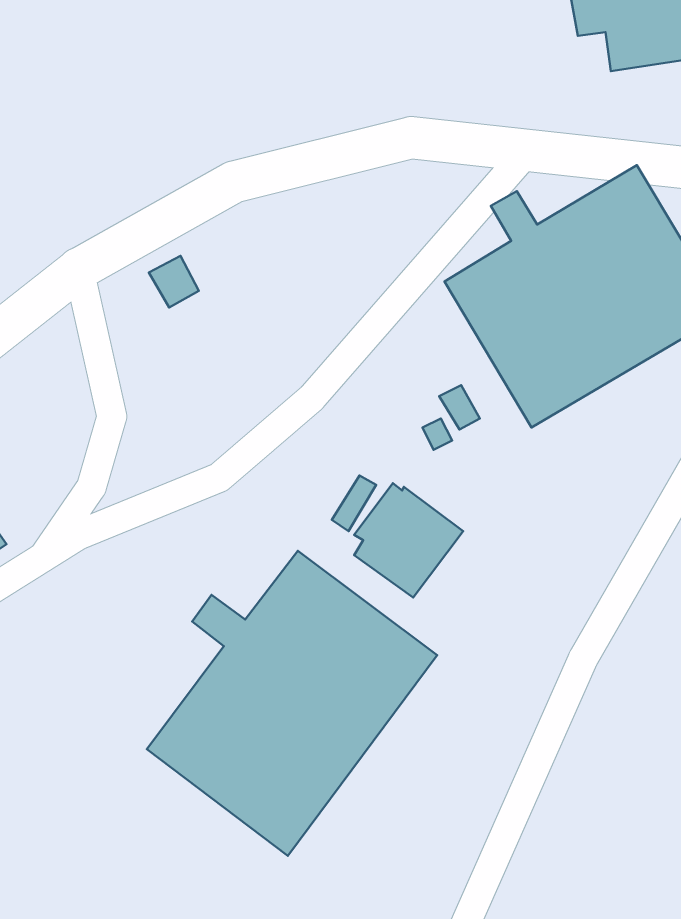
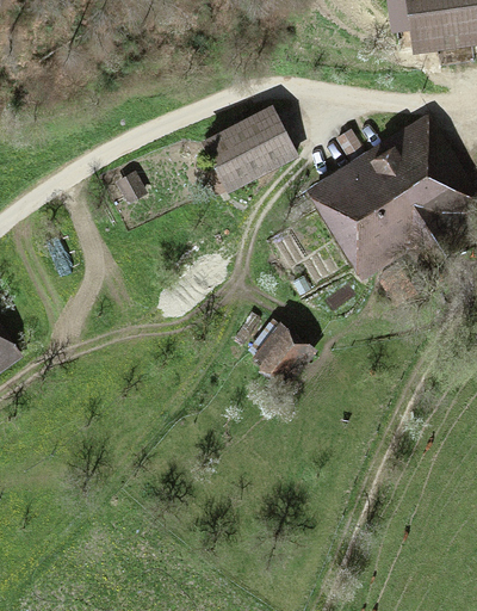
building: none -> [200,103,299,191]
building: [147,551,437,856] -> none

